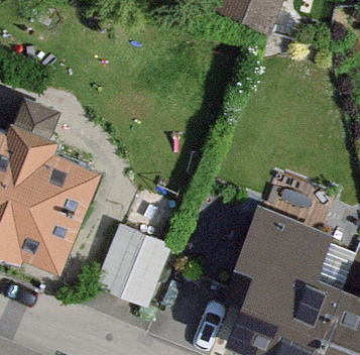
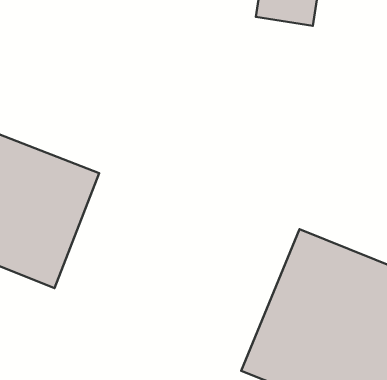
building: [106,229,178,308] -> none

